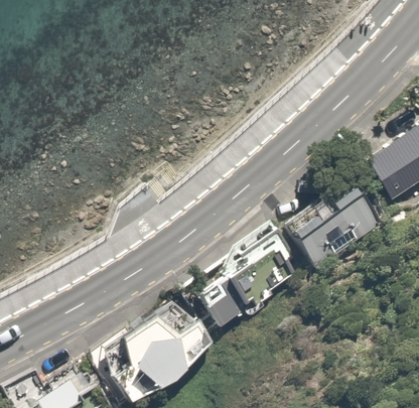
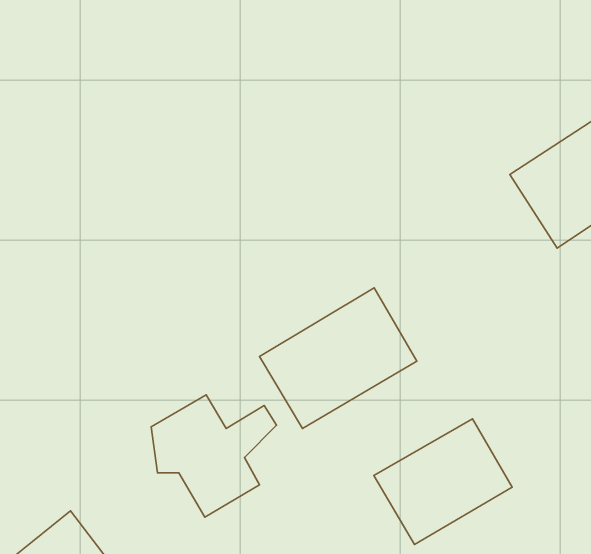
building: [293,194,378,270] -> none
building: none -> [374,419,512,544]

